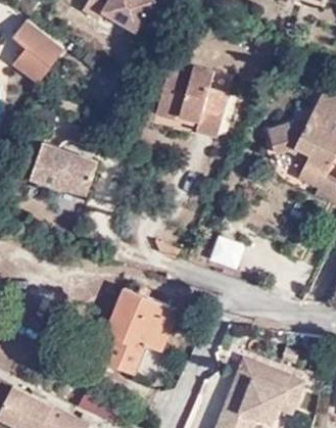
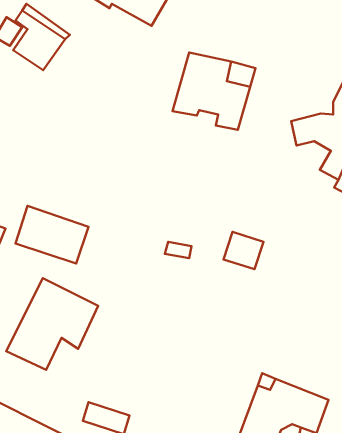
building: [29,145,96,198] -> [15,206,89,263]
building: [90,287,175,372] -> [6,278,98,370]

